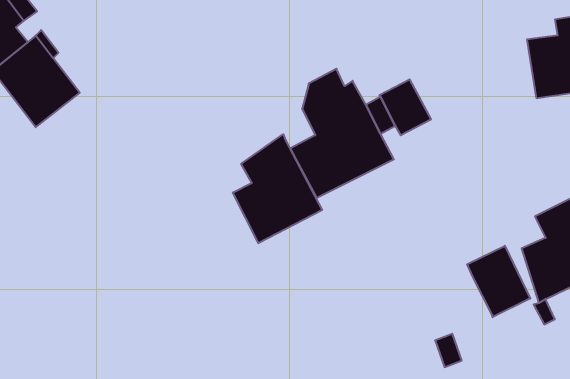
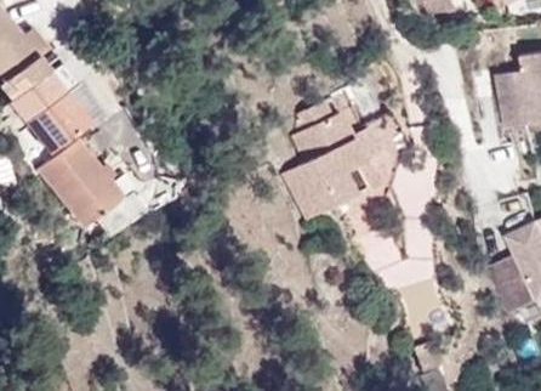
building: none -> [38,138,144,236]
building: [233,134,322,243] -> none
building: [467,246,530,317] -> none

